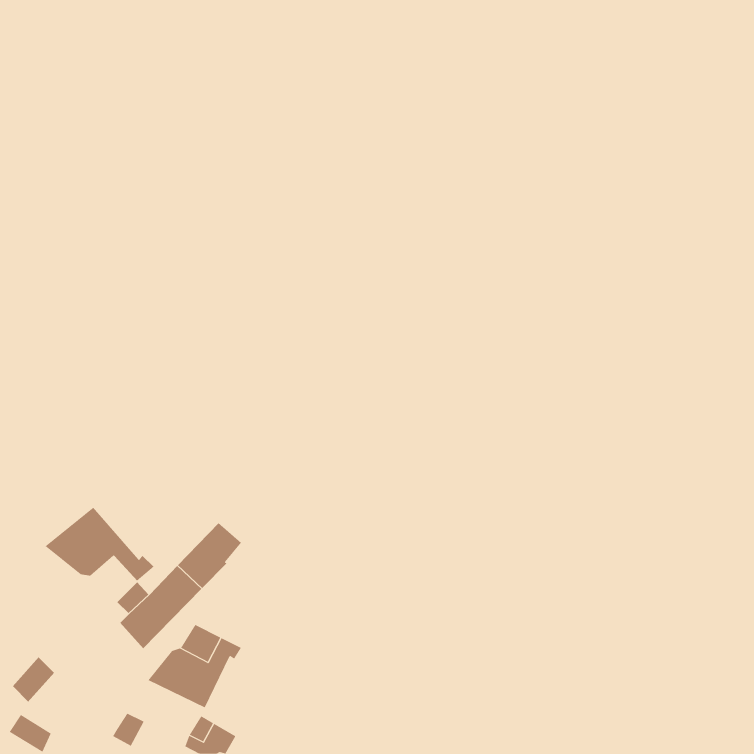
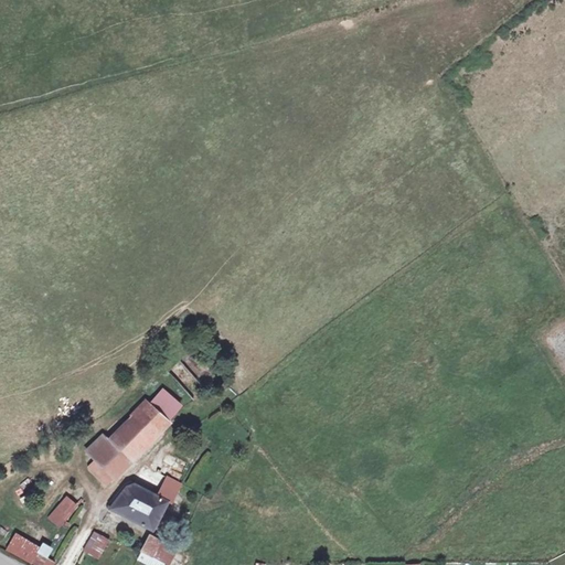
building: [44,507,155,581] -> none
building: [12,657,55,702] -> [46,495,78,530]

